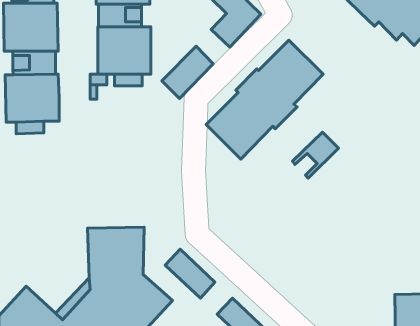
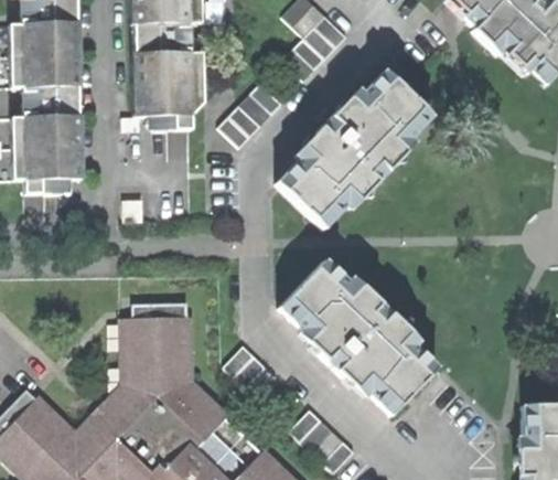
building: [292,132,338,178] -> none
building: none -> [280,259,437,413]

